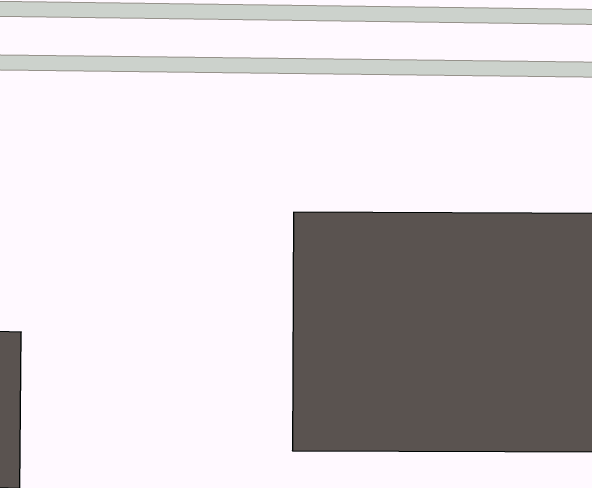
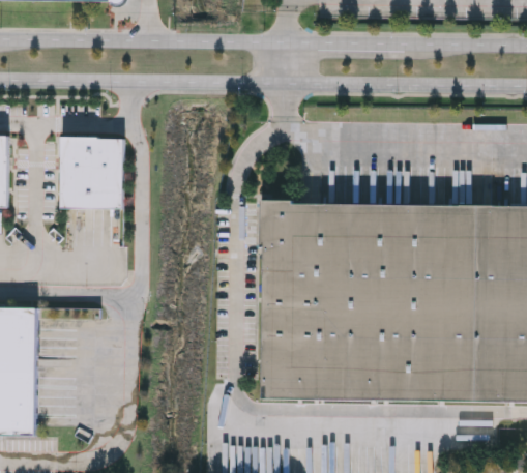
building: none -> [59,134,124,205]

